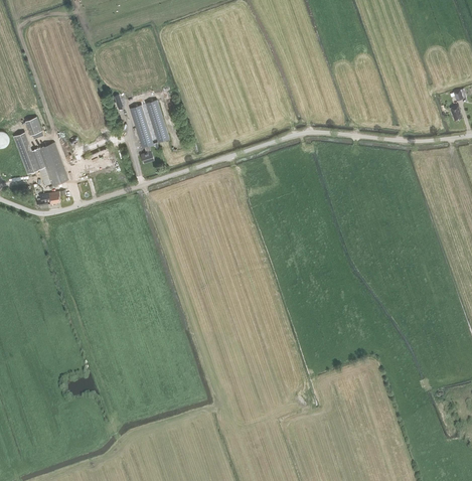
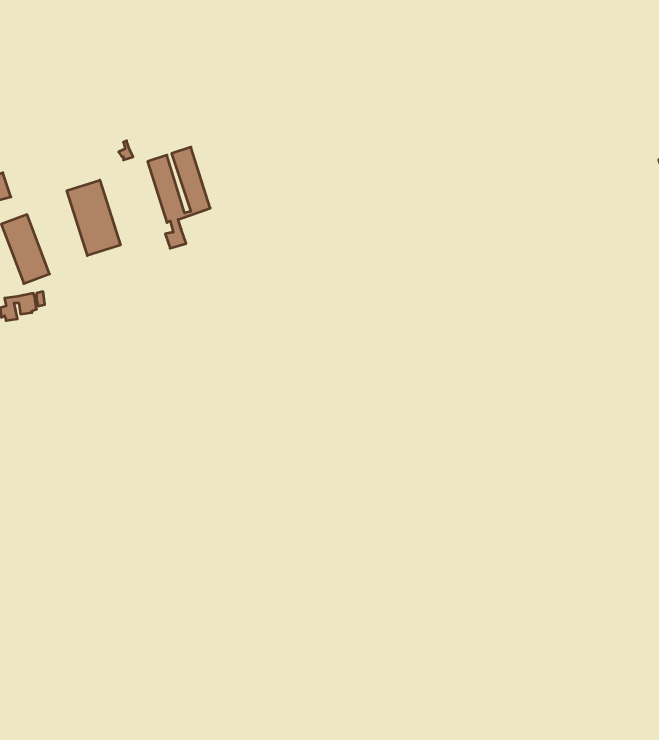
building: none -> [67,180,120,256]

